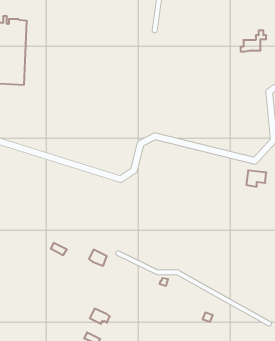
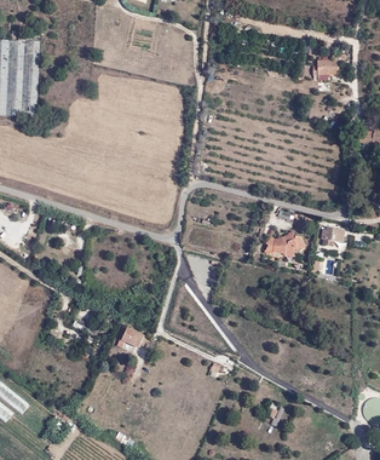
building: none -> [265,231,306,257]

